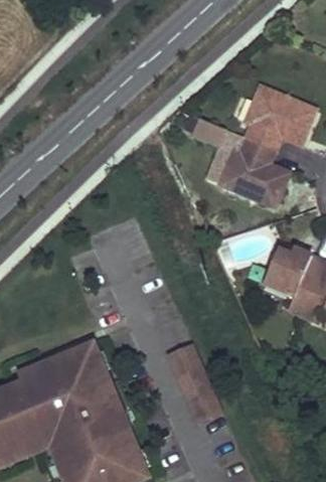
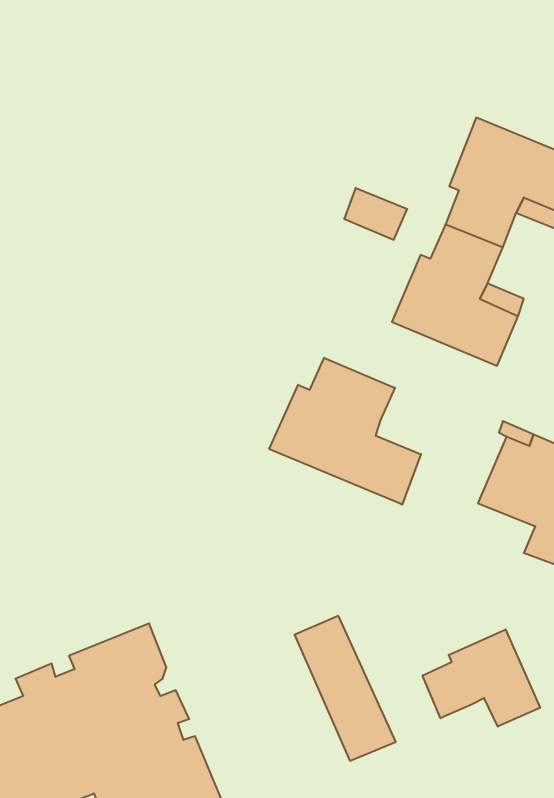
building: none -> [269,358,421,505]
building: none -> [423,629,540,727]

